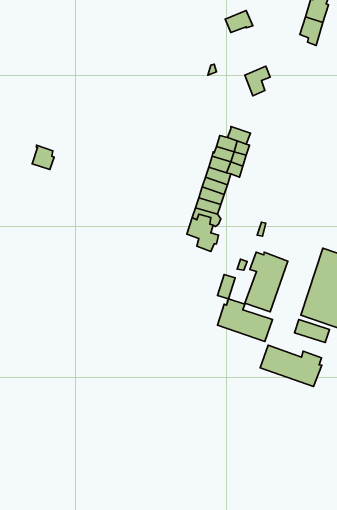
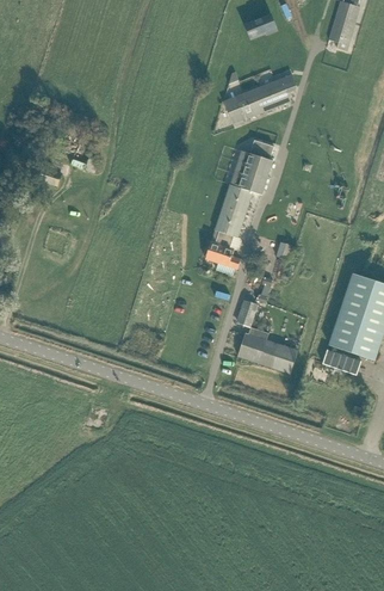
building: none -> [224,82,277,122]
building: [245,252,288,312] -> none
building: [260,345,322,386] -> none

